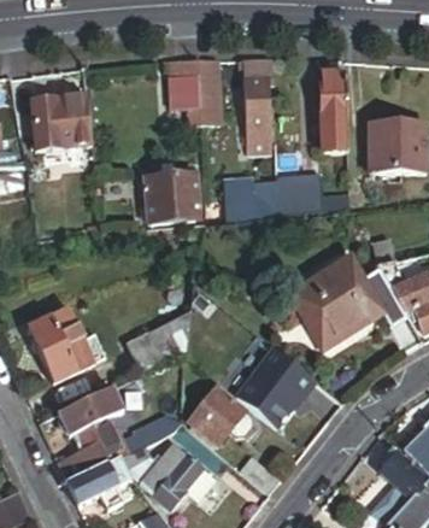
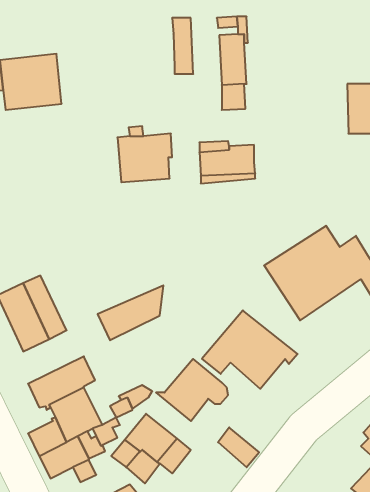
building: [169,59,200,107] -> none
building: [319,72,347,152] -> none
building: [276,170,321,199] -> none

